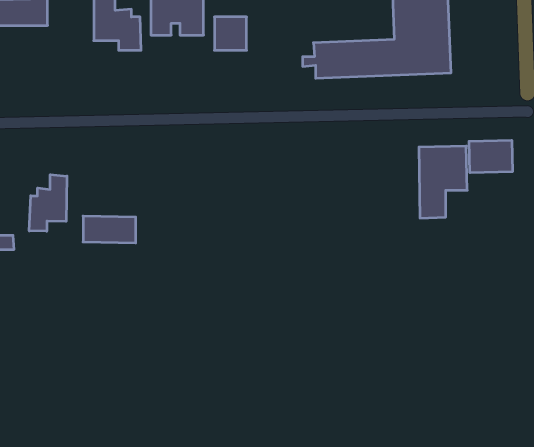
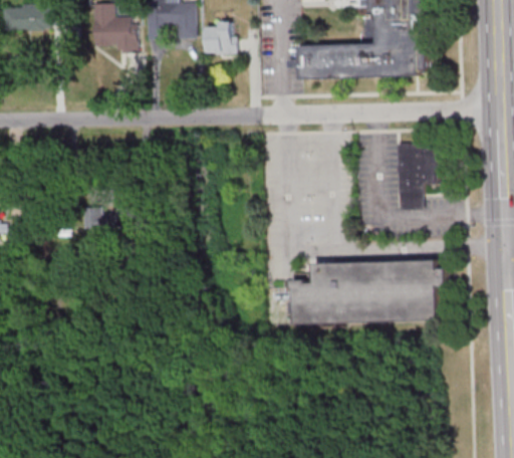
building: [469,140,512,173] -> none
building: [29,175,67,231] -> none
building: none -> [291,260,446,323]

